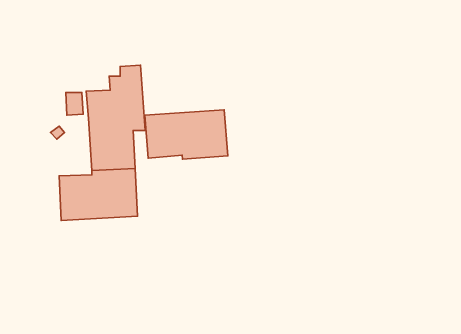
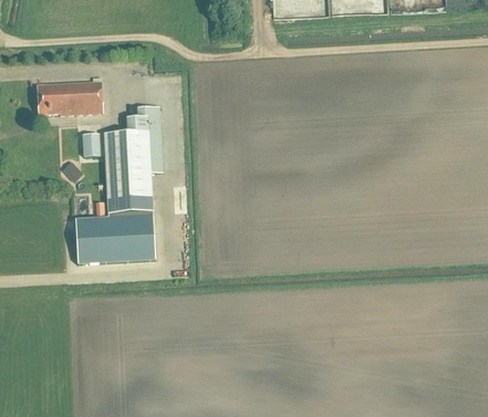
building: none -> [37,82,102,115]
building: [145,110,228,159] -> none

